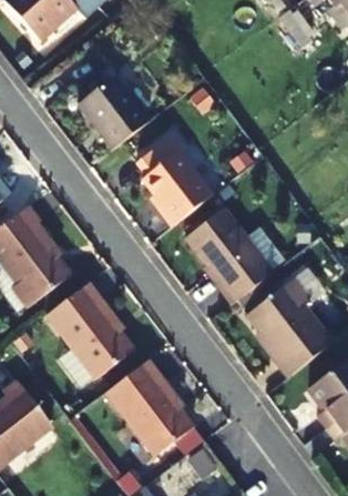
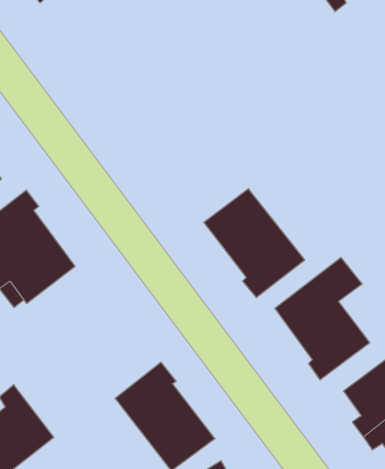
building: [76,75,149,149] -> none
building: [136,133,212,226] -> none
building: [45,284,133,388] -> none

